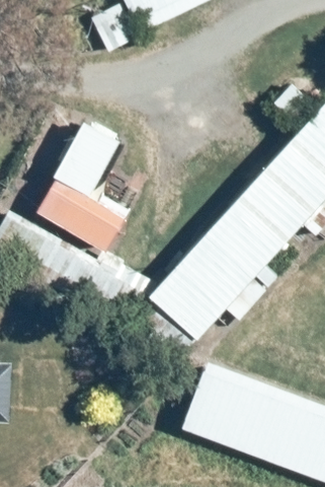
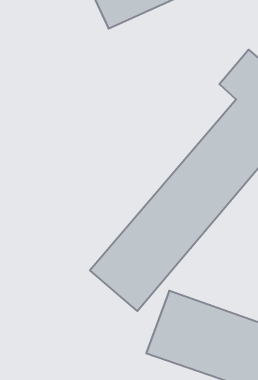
building: [34,109,136,250] -> none

